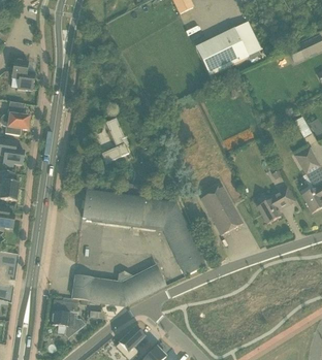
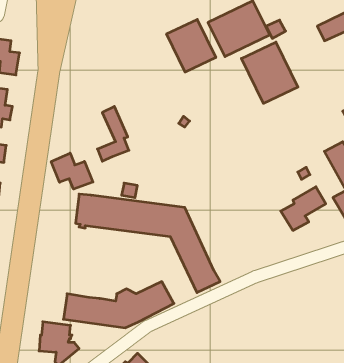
building: none -> [167,19,216,72]
building: none -> [241,42,298,103]
building: none -> [51,153,93,189]
building: [201,186,243,234] -> none

